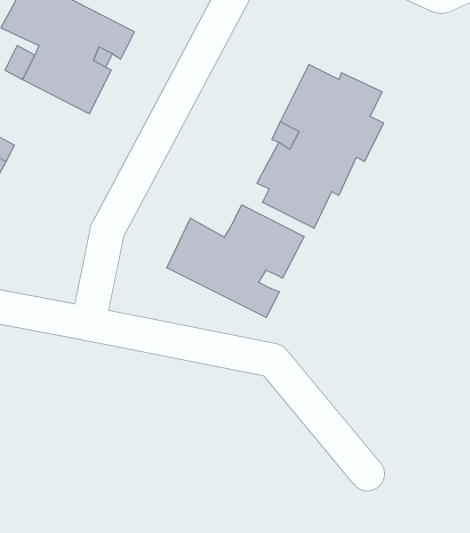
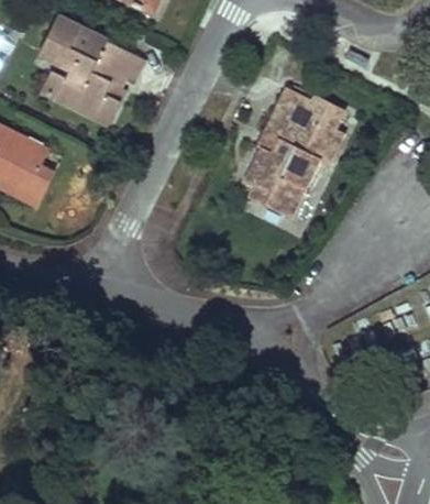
building: [167,205,304,318] -> none

